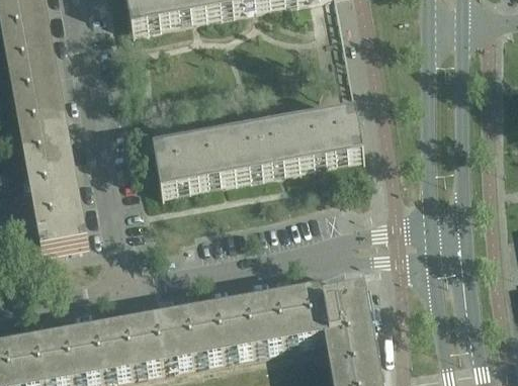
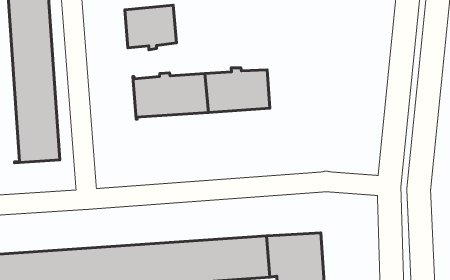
building: none -> [125,5,177,50]
building: [286,109,358,163] -> none

